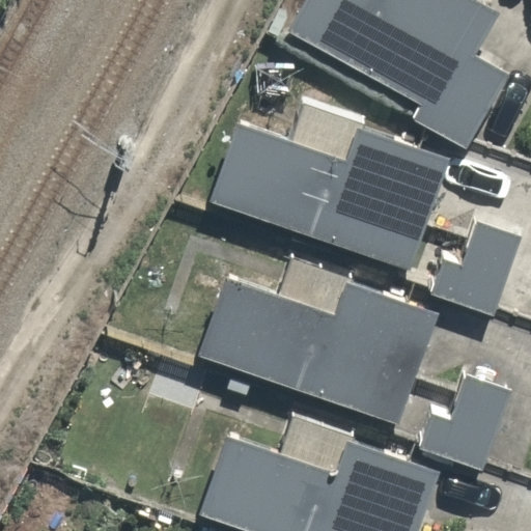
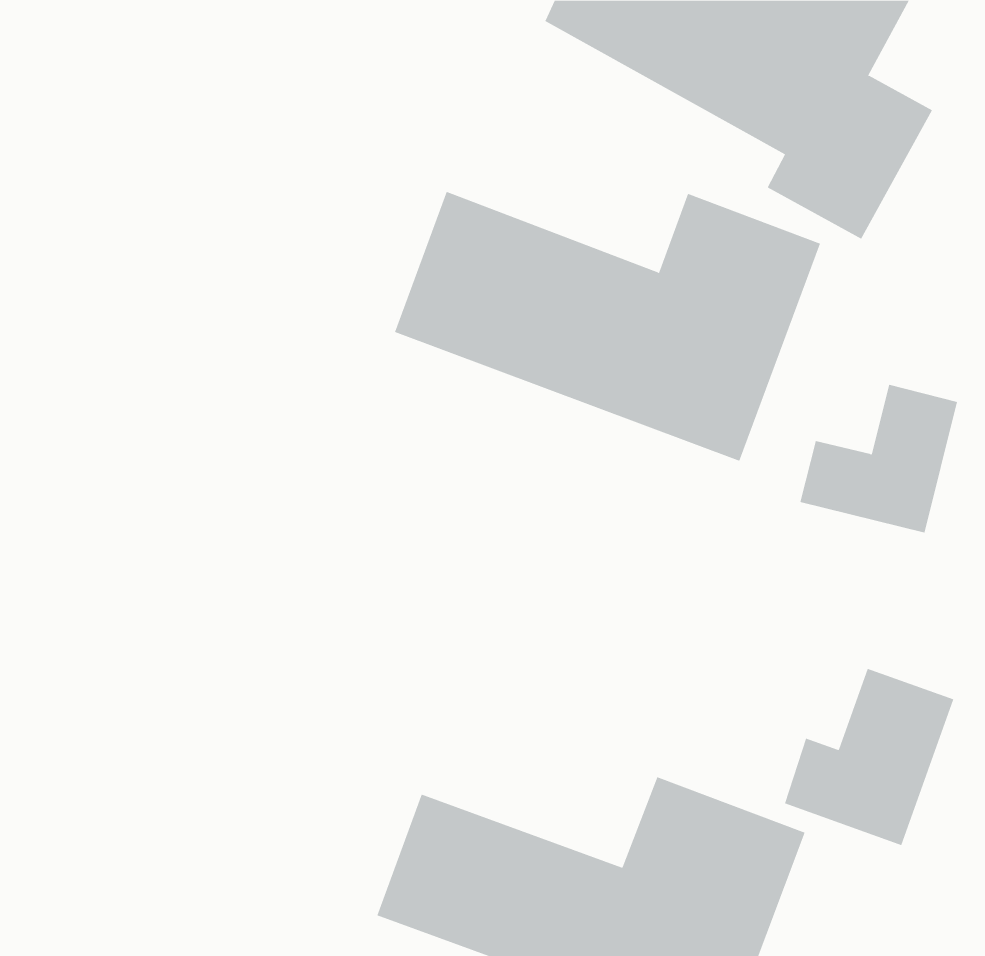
building: [194,276,431,414] -> none

